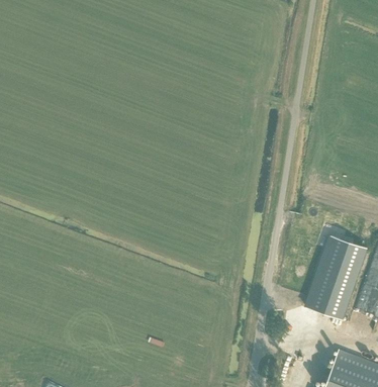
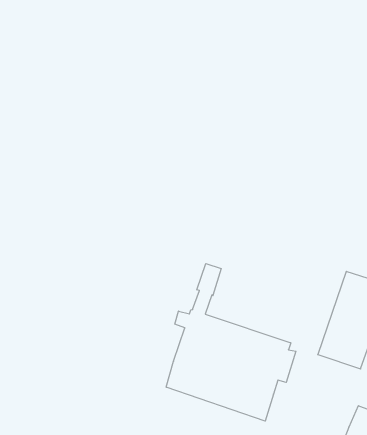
building: none -> [166,264,296,421]

